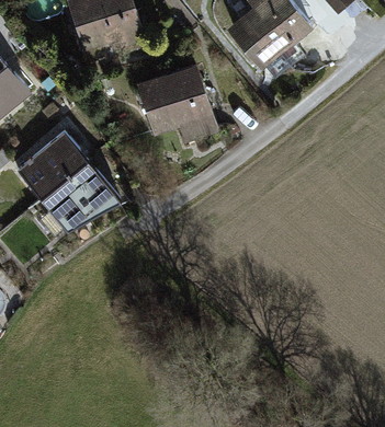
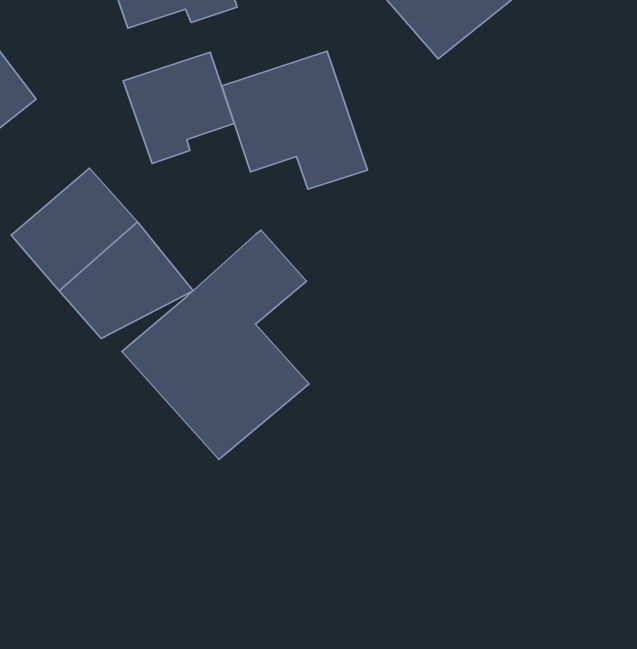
building: none -> [123,52,234,163]
building: none -> [122,230,309,460]

